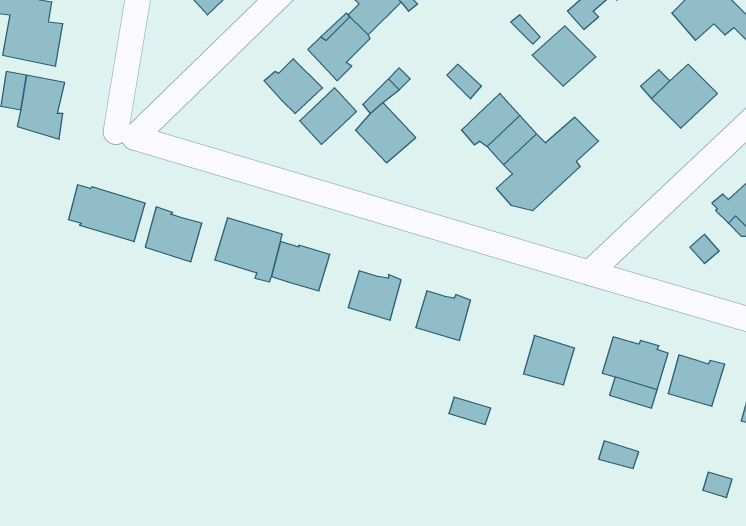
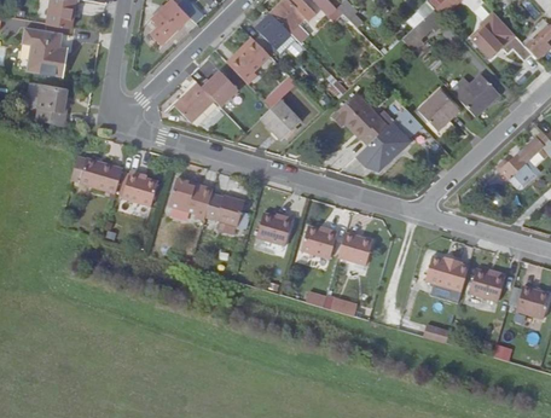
building: [532,26,596,86] -> [417,91,459,130]
building: [300,88,356,144] -> [175,83,213,121]
building: [523,335,575,385] -> [338,231,372,263]

